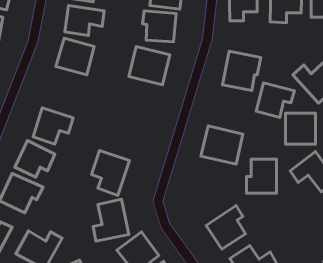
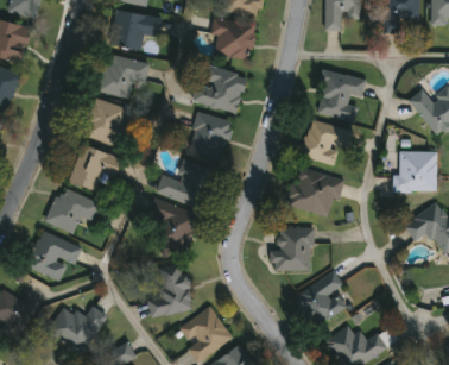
building: none -> [83,97,126,145]
building: [256,83,294,117] -> [303,120,353,165]
building: none -> [186,112,232,161]
building: none -> [157,159,215,209]
building: [246,159,277,193] -> [272,227,311,271]

